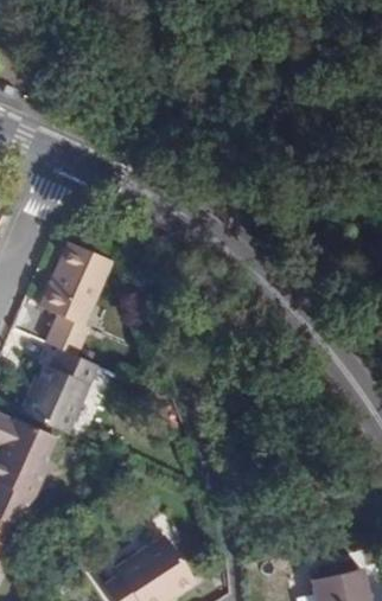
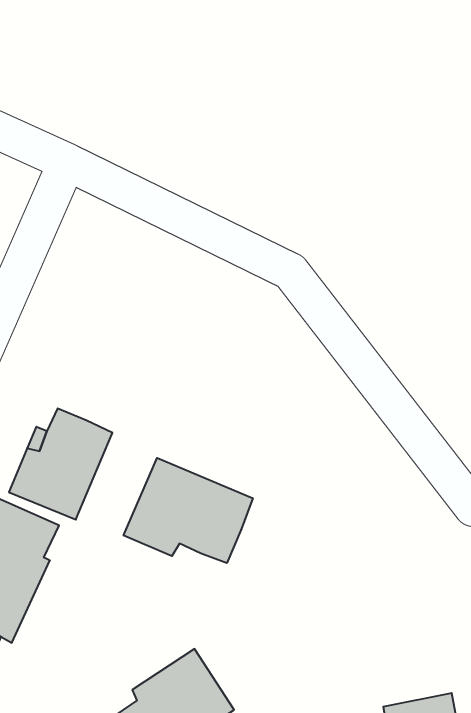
building: [37,243,113,357] -> none
building: none -> [124,458,253,563]

